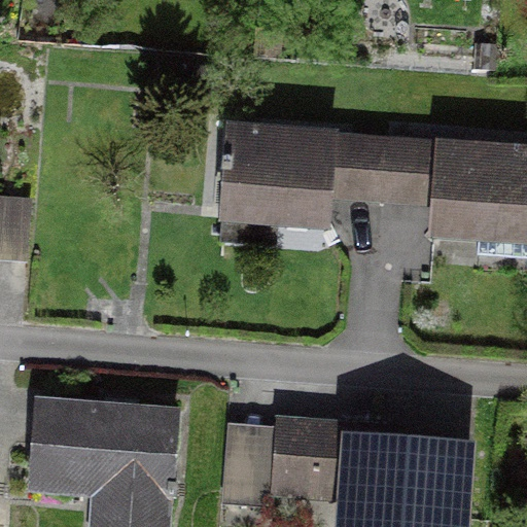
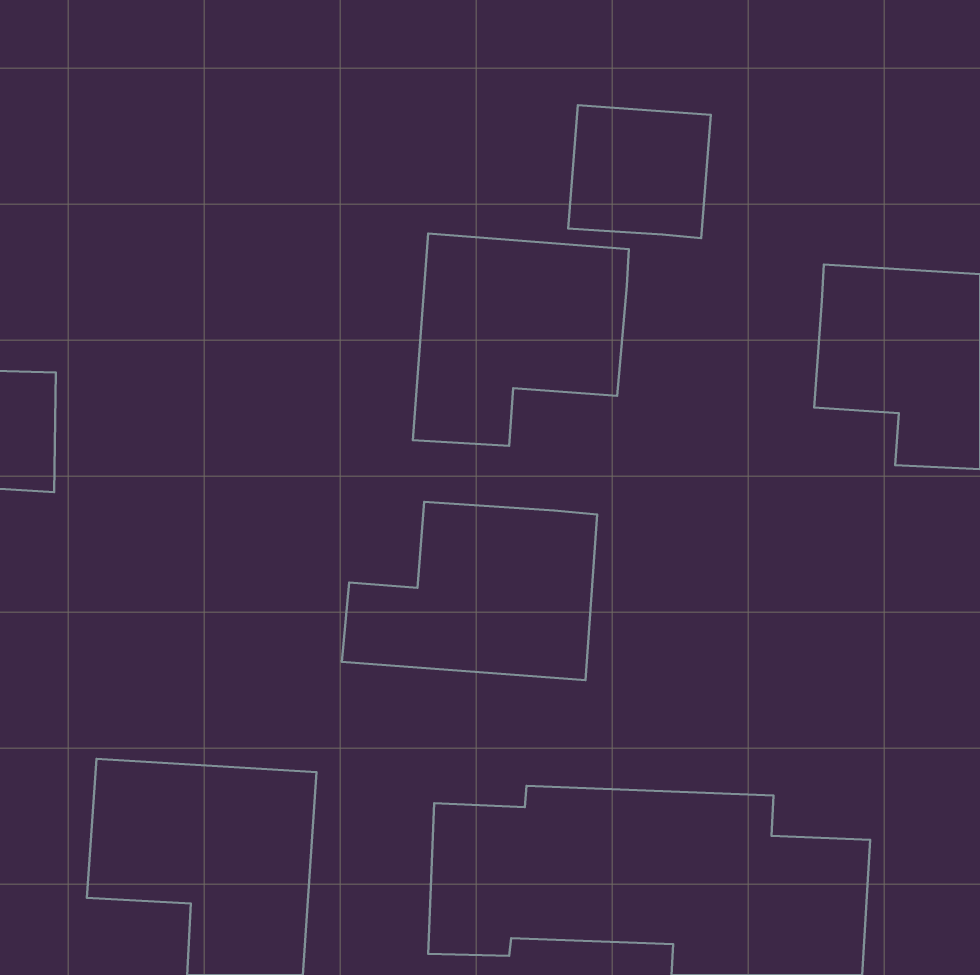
building: [345,135,421,206] -> [568,105,711,238]
building: none -> [342,502,597,680]

